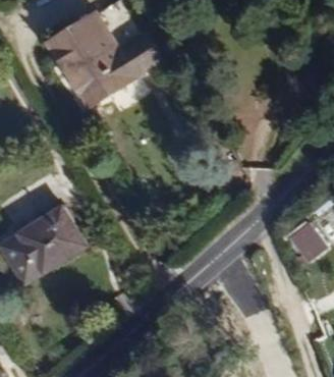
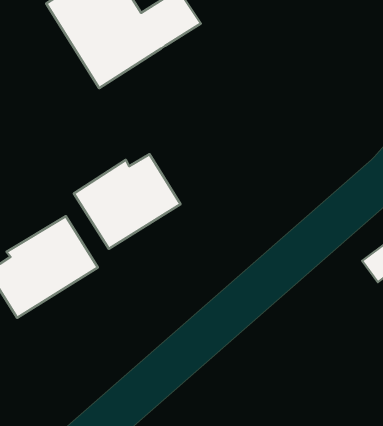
building: none -> [74,154,181,249]

